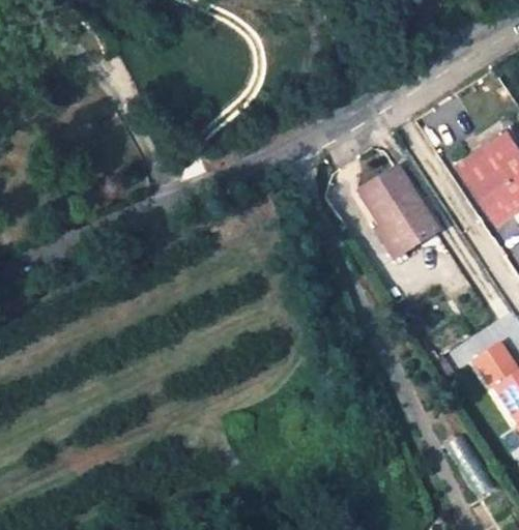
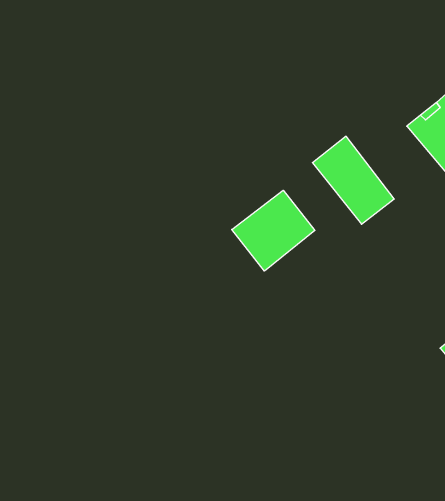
building: none -> [232,190,315,271]

